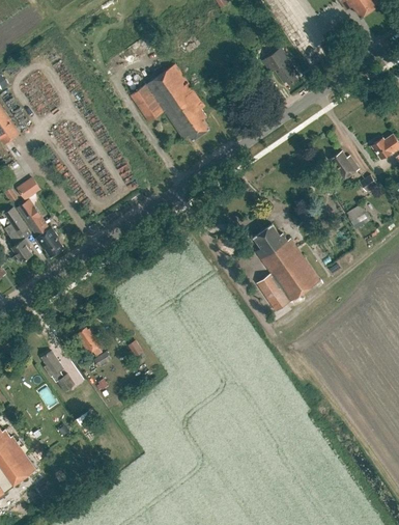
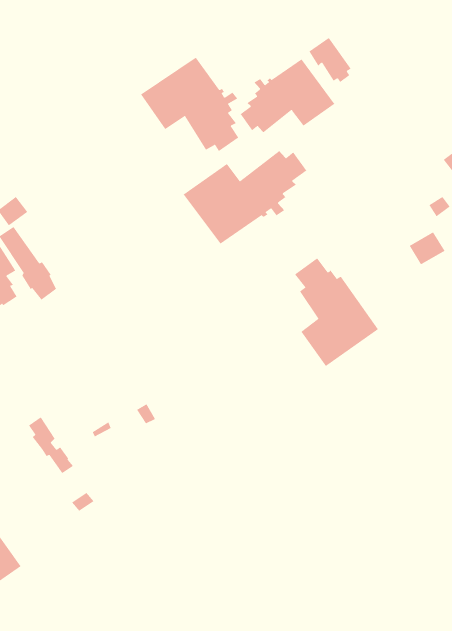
building: none -> [240,59,335,133]
building: none -> [183,150,307,245]
building: [331,151,360,179] -> none
building: [77,327,103,356] -> none

